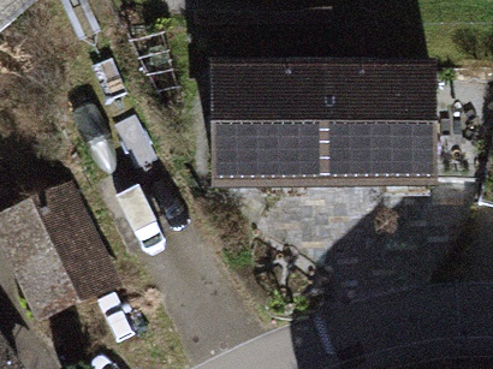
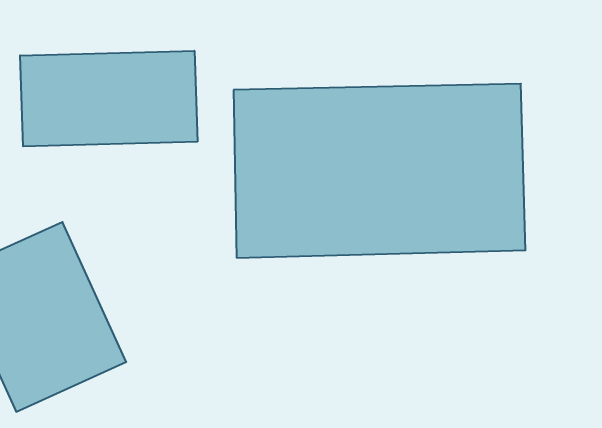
building: none -> [20,51,197,146]

